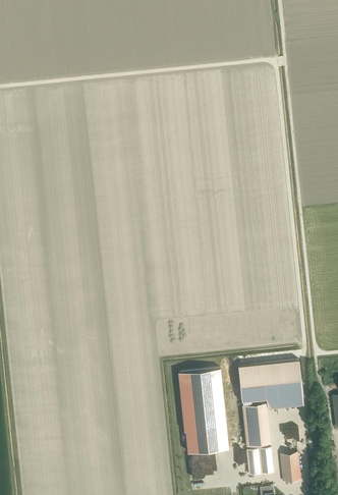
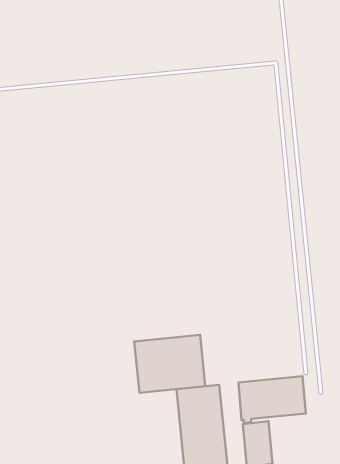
building: none -> [134,335,205,393]

